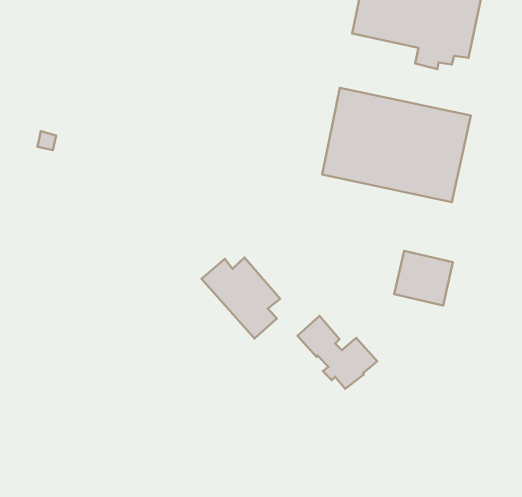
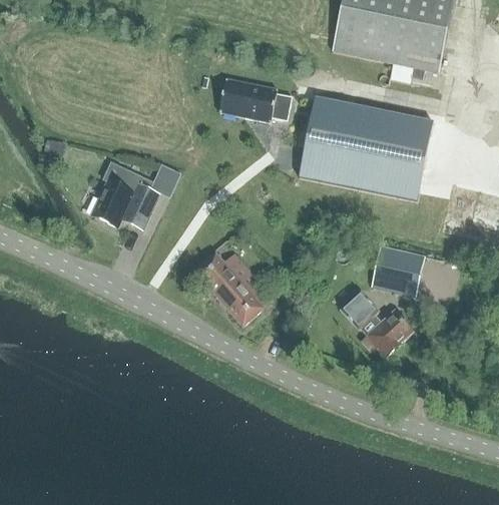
building: none -> [218,77,292,121]
building: none -> [91,168,162,227]
building: [297,316,377,389] -> [341,289,413,355]

